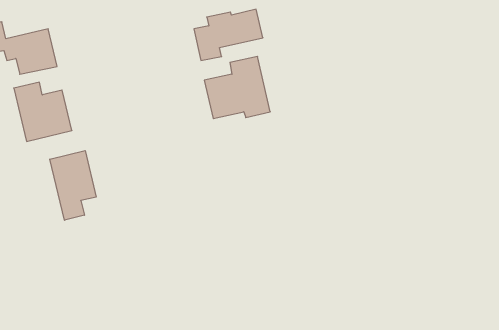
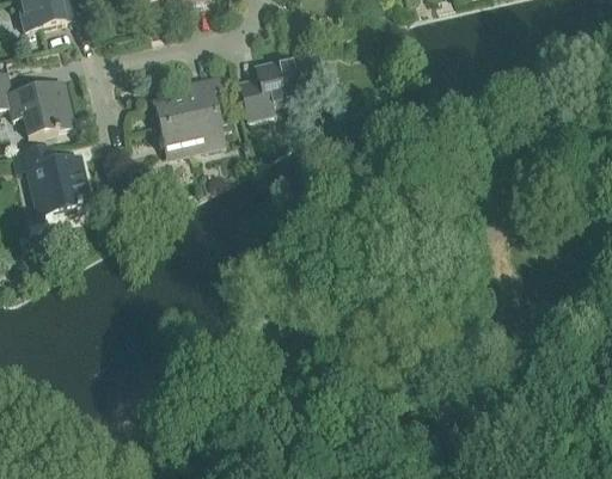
building: [204,56,270,119] -> [153,74,233,149]
building: [50,151,96,220] -> none

